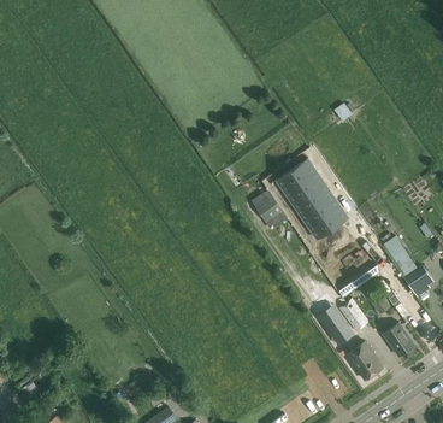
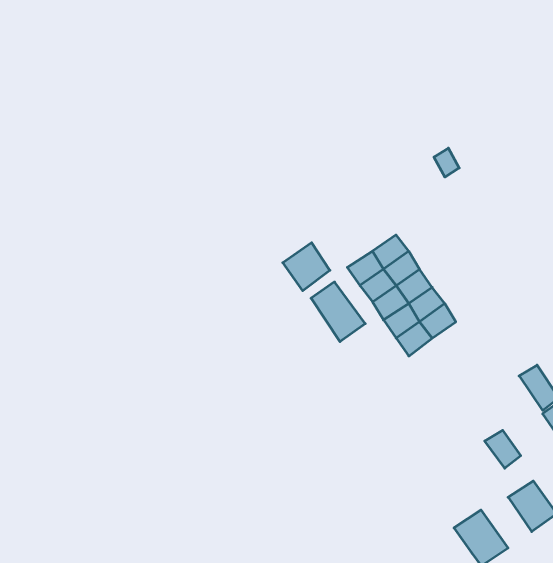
building: none -> [283,243,330,291]
building: [317,305,354,347] -> none

